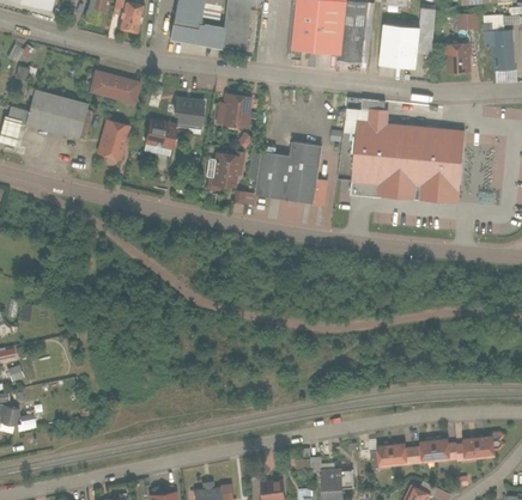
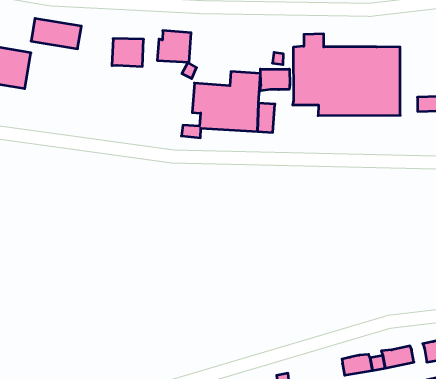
building: [97,120,128,163] -> none
building: [145,121,175,150] -> none
building: none -> [260,69,290,91]
building: [205,153,244,193] -> none

